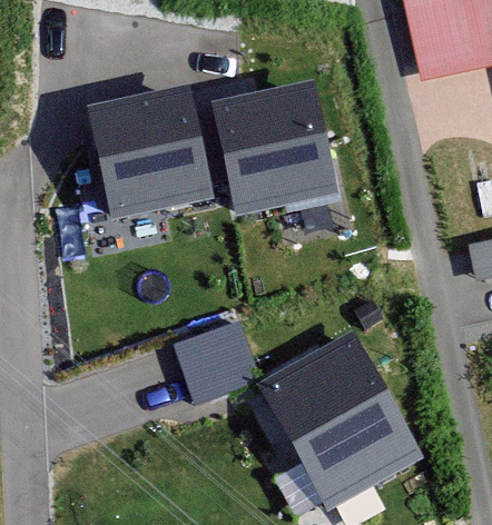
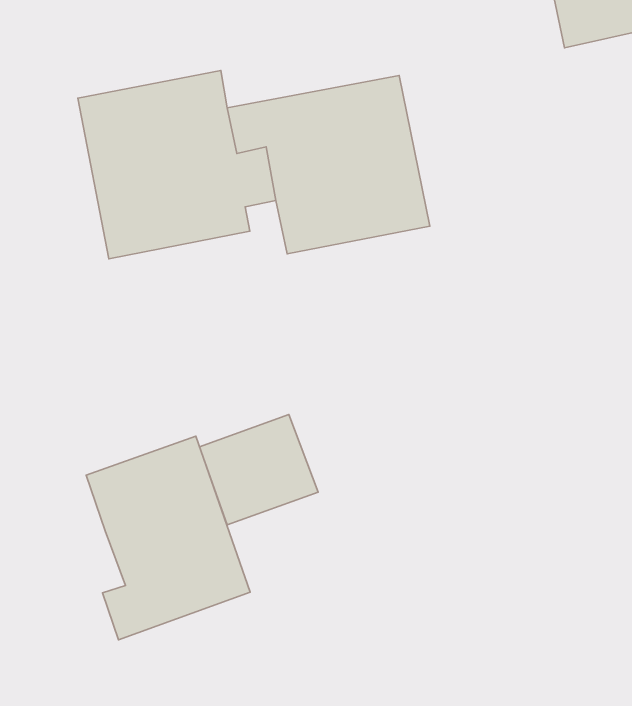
building: [259,334,419,506] -> none
building: none -> [86,436,250,640]

